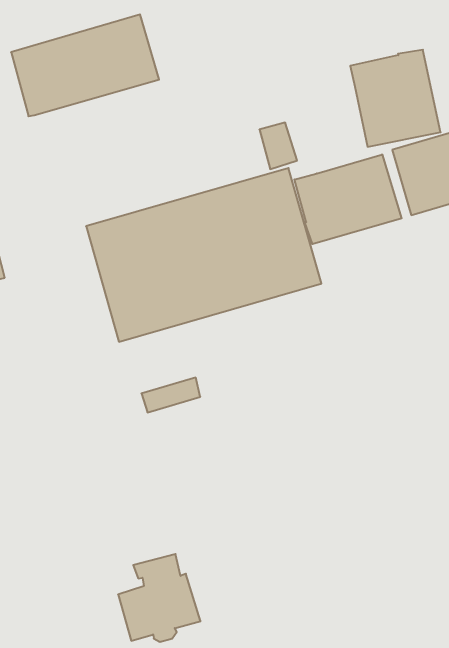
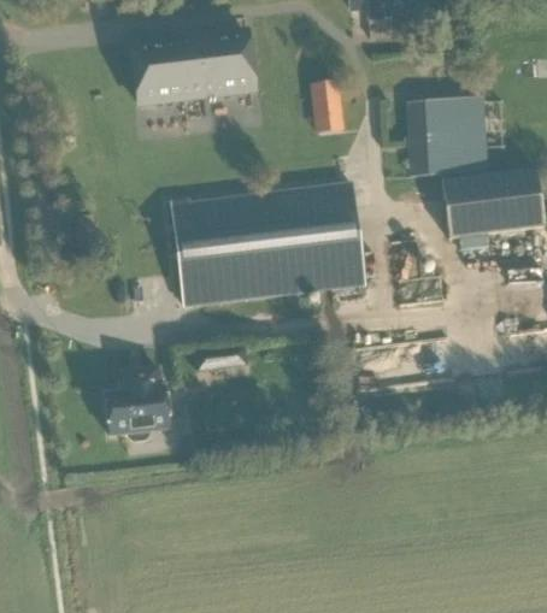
building: [259,123,297,169] -> [313,83,341,120]
building: [294,154,402,244] -> none
building: [118,554,201,642] -> [105,367,171,440]

